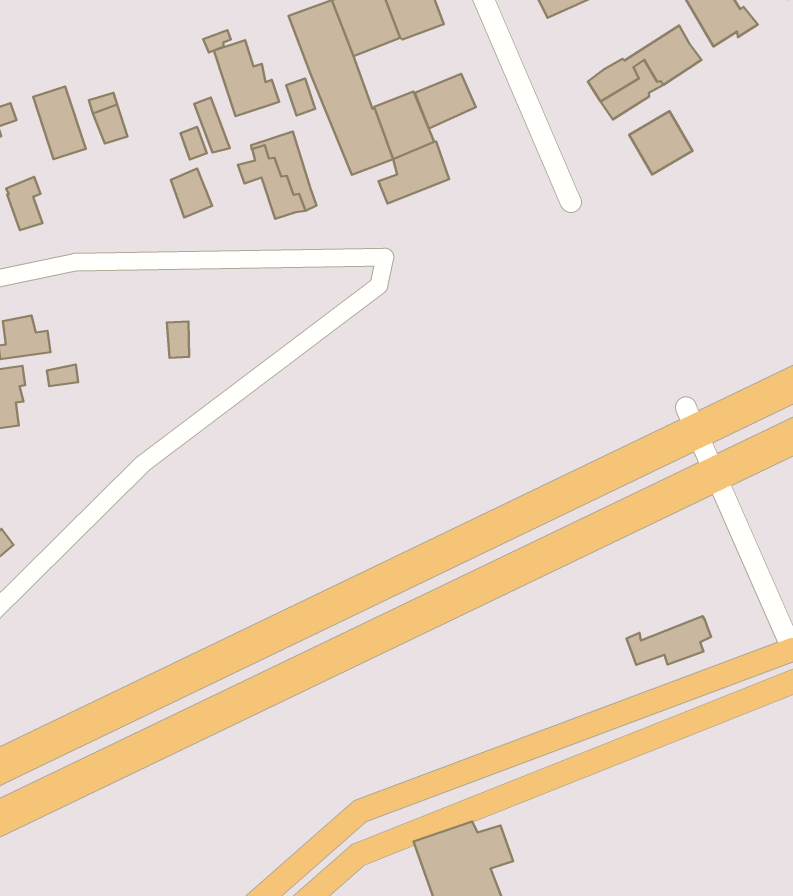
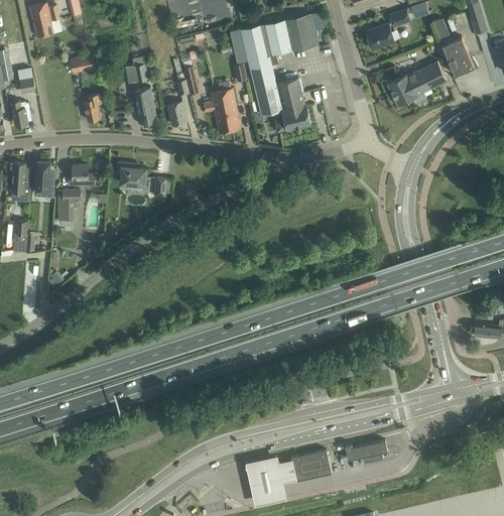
building: [214,40,279,116] -> none
building: [415,74,476,128] -> none
building: [33,87,86,159] -> [133,88,156,124]
building: [629,111,693,175] -> none
building: none -> [117,164,147,189]
building: [627,616,711,665] -> [344,440,387,463]
building: none -> [290,450,331,482]

